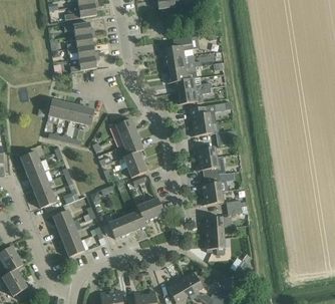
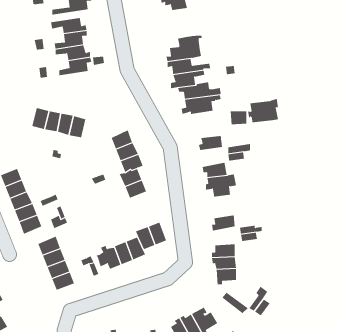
building: [189,103,216,124] -> [247,98,279,123]
building: [199,173,227,194] -> none

